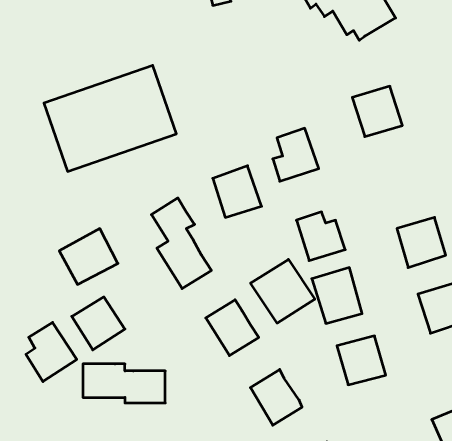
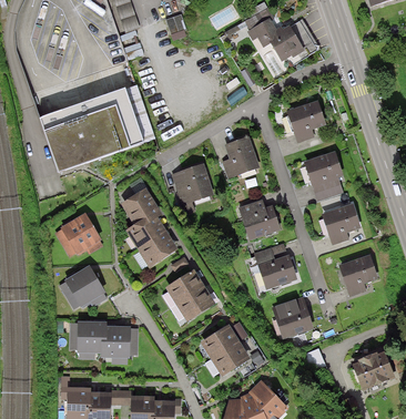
building: none -> [302,152,342,192]
building: [251,259,315,323] -> none
building: [26,322,77,382] -> none

